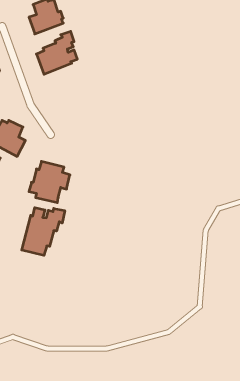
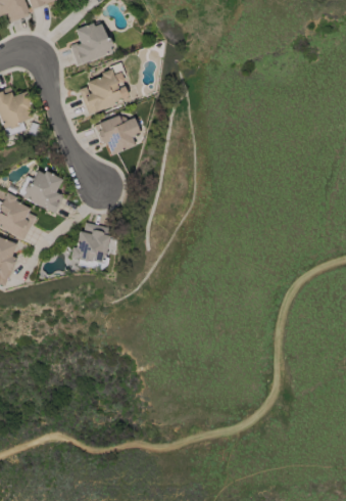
building: none -> [95,112,141,155]
building: [22,208,65,255] -> none

